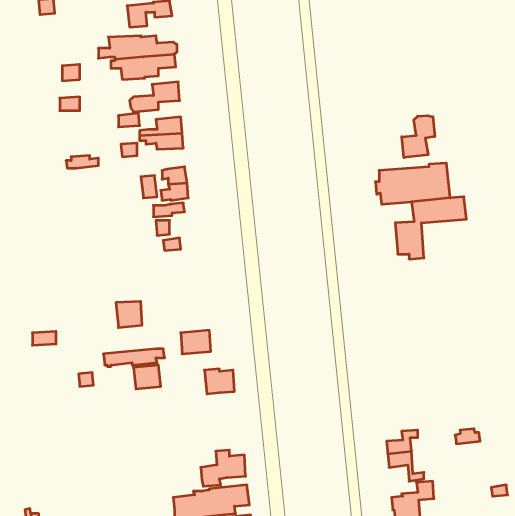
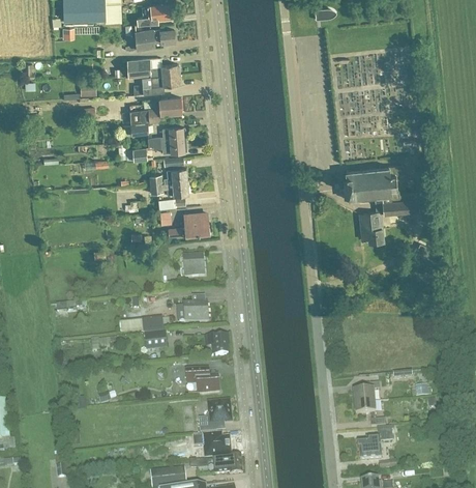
building: [402,116,435,158] -> none
building: none -> [183,212,209,235]
building: [116,301,142,328] -> [181,255,203,277]
building: none -> [185,369,218,393]

